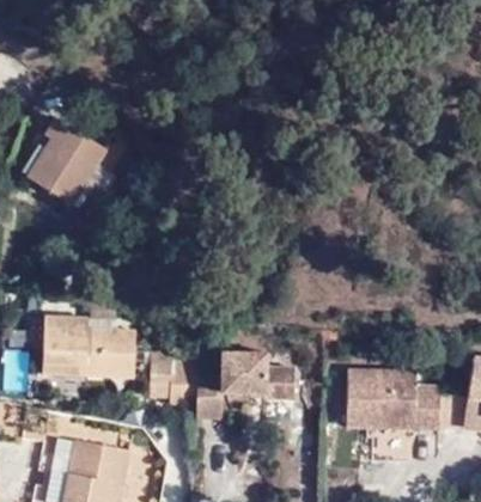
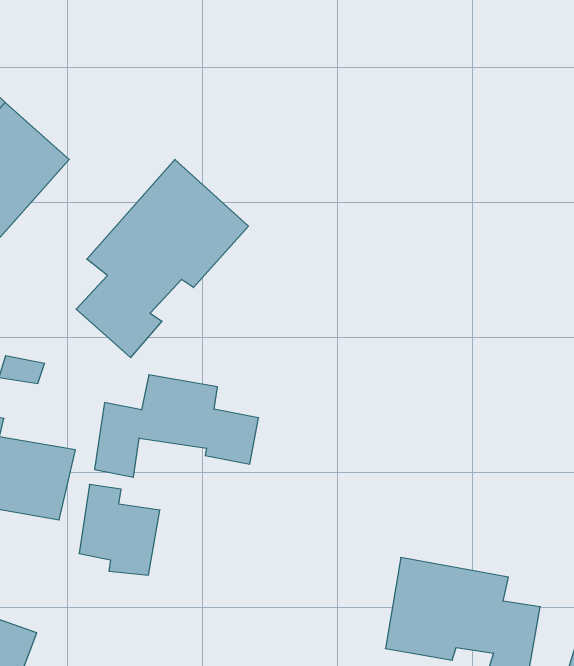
building: none -> [76,159,248,358]
building: [200,353,298,418] -> [95,375,259,477]

